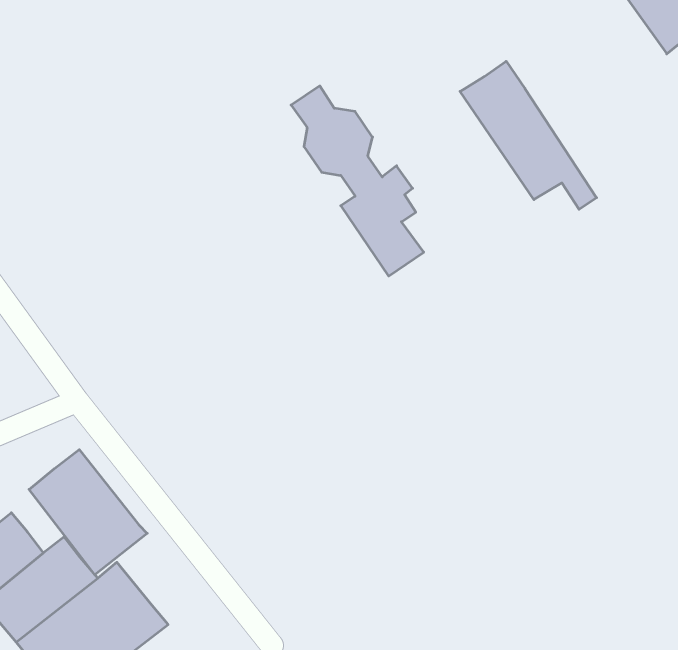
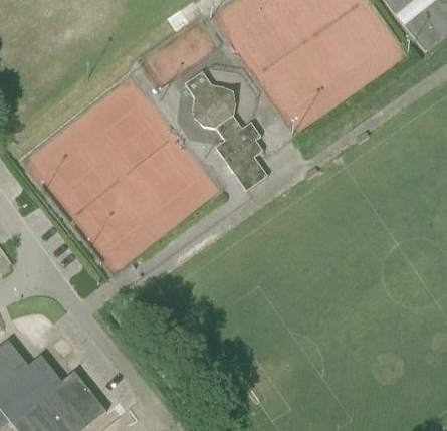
building: [460,61,597,209] -> none
building: [29,450,147,575] -> none

